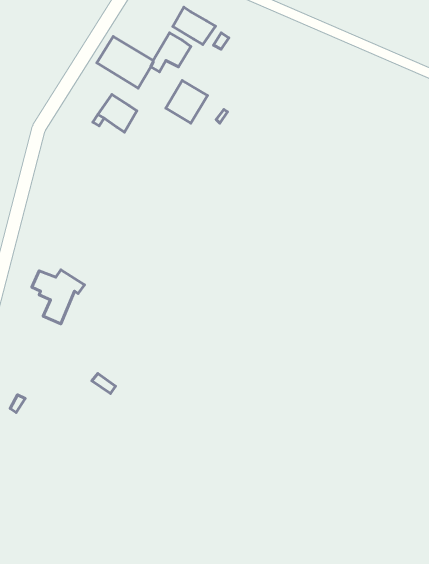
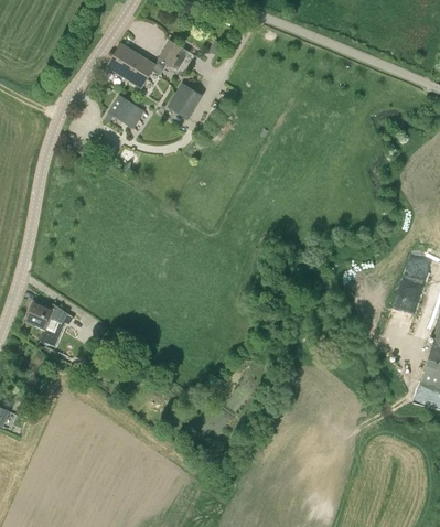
building: [173,7,216,44] -> none
building: [32,270,85,324] -> [26,303,73,351]

